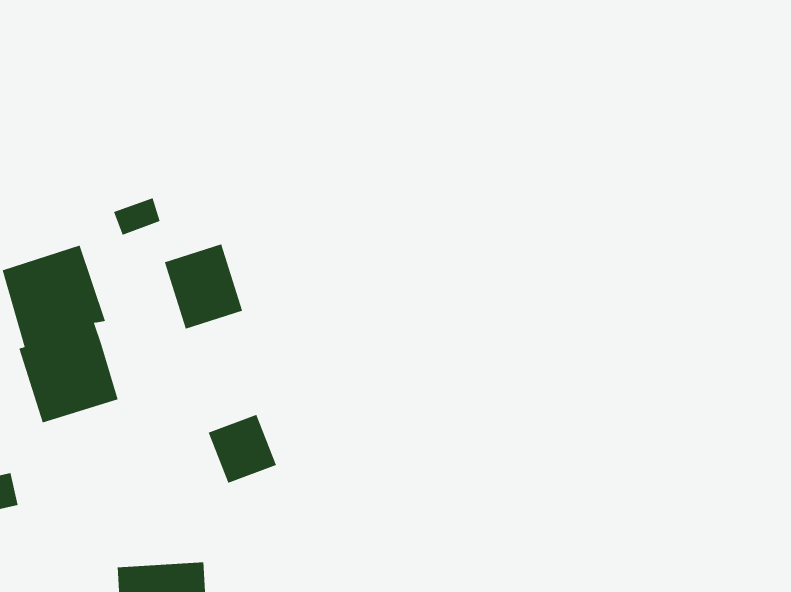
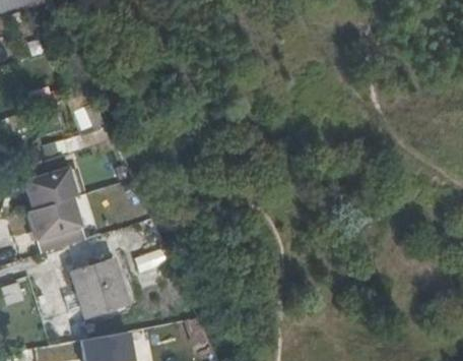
building: [164,243,243,330] -> none
building: none -> [71,259,127,318]

